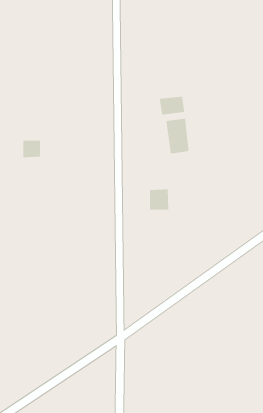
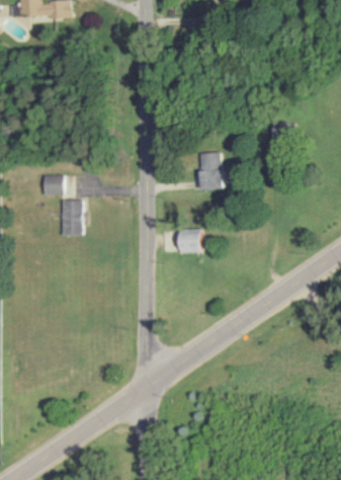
building: [159,96,185,116] -> none
building: none -> [59,199,80,235]

